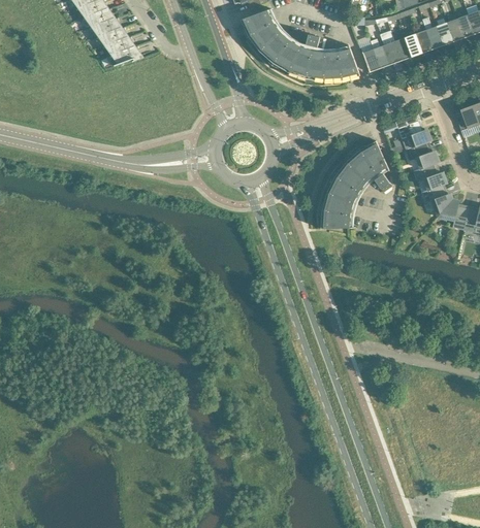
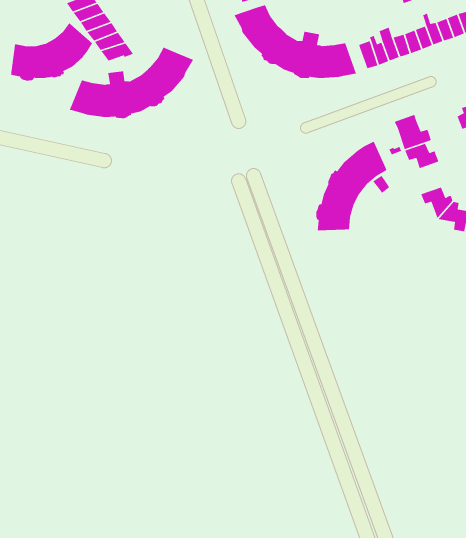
building: none -> [10,21,93,81]
building: none -> [68,46,194,119]
building: [413,161,447,192] -> none

